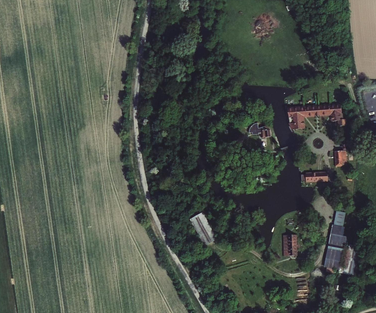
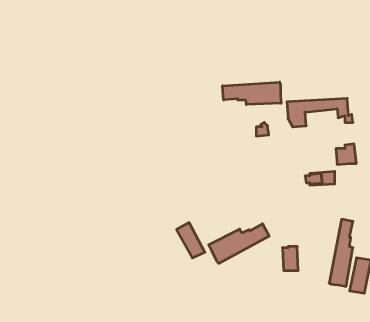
building: none -> [223,82,281,105]
building: none -> [209,224,269,263]

